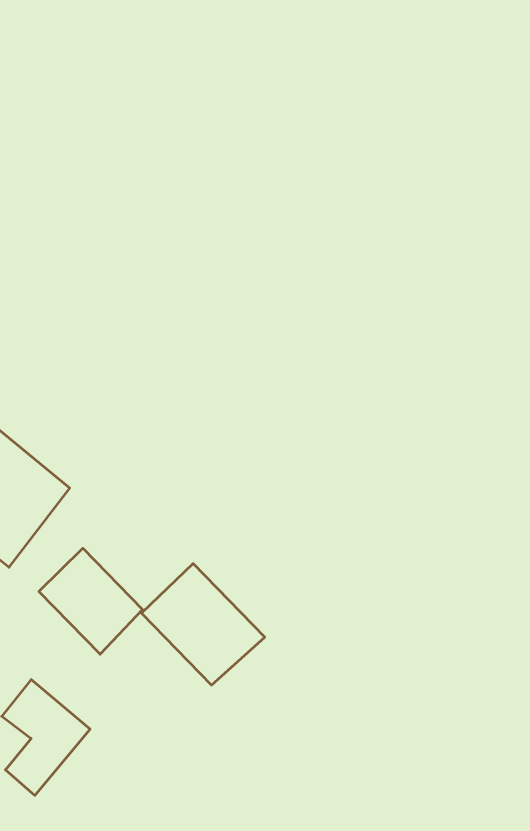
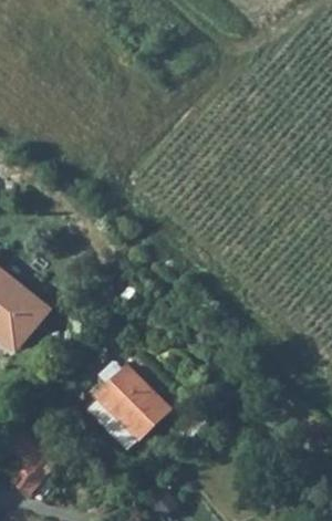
building: [39,548,142,654] -> none

